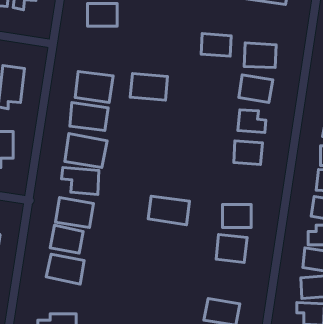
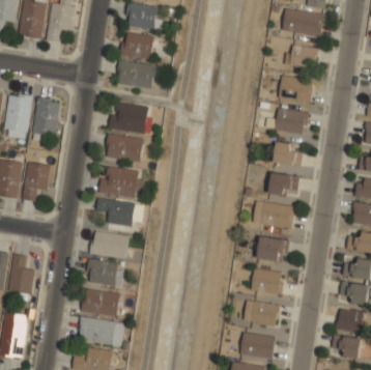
building: [201,34,231,56] -> [286,44,316,66]
building: [130,73,167,100] -> [116,60,153,87]
building: [148,196,189,225] -> [253,199,294,228]
building: none -> [244,300,279,324]
building: none -> [79,316,124,345]

